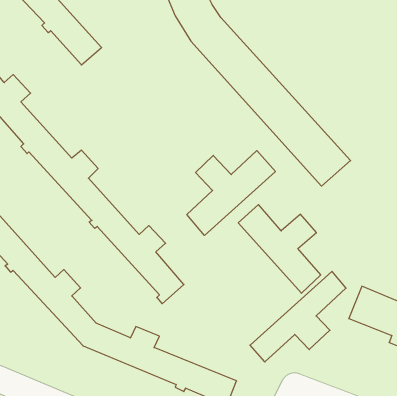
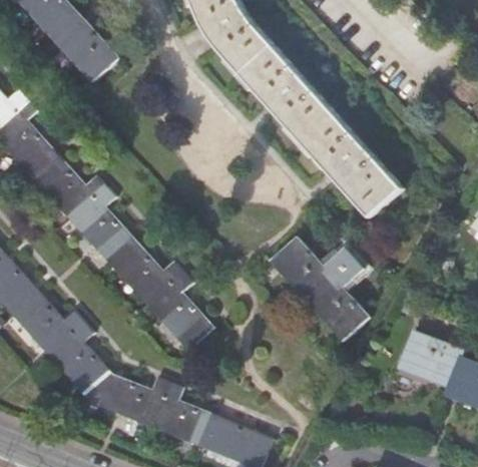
building: [187,151,275,235] -> none
building: [250,271,346,362] -> none

